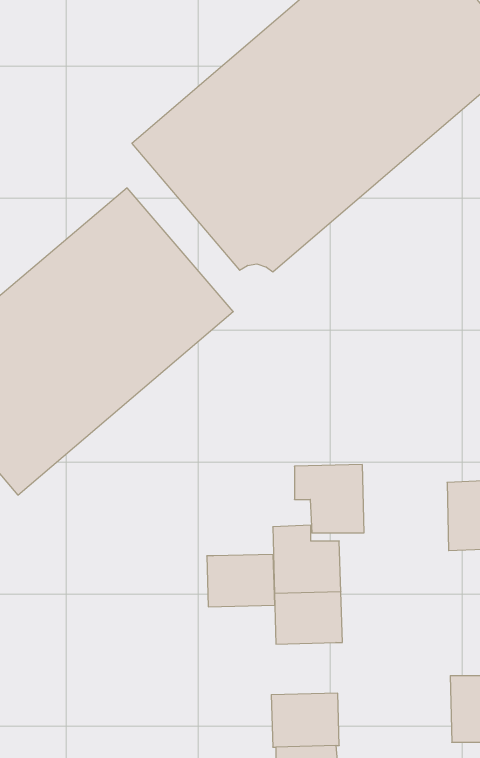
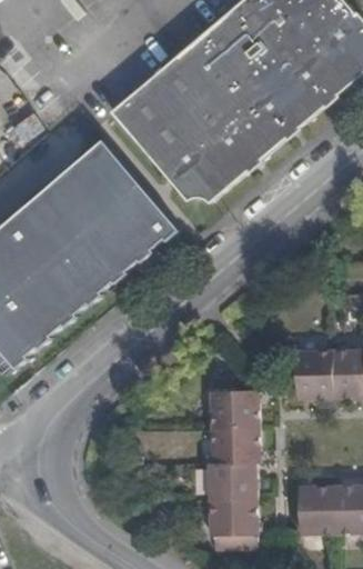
building: [294,465,364,533] -> [283,349,332,397]
building: [207,554,275,607] -> [206,461,254,498]
building: none -> [296,485,334,532]

